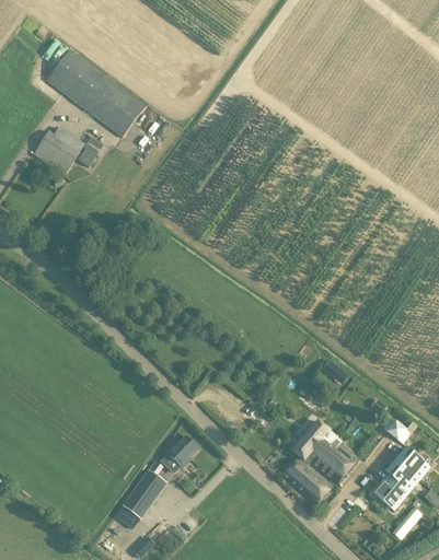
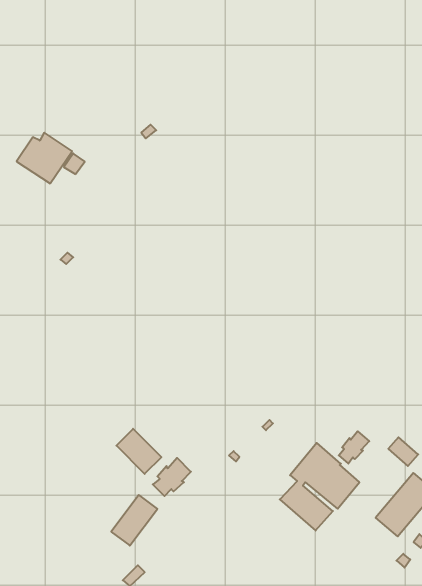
building: [45,47,145,137] -> none
building: none -> [116,429,161,474]
building: none -> [339,431,369,464]

